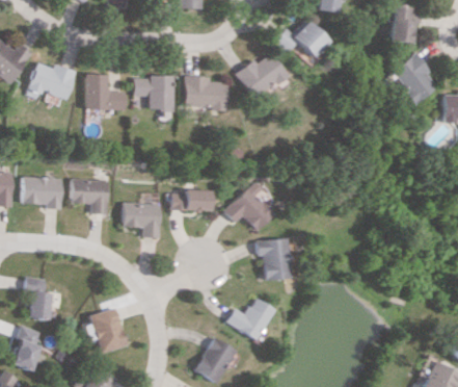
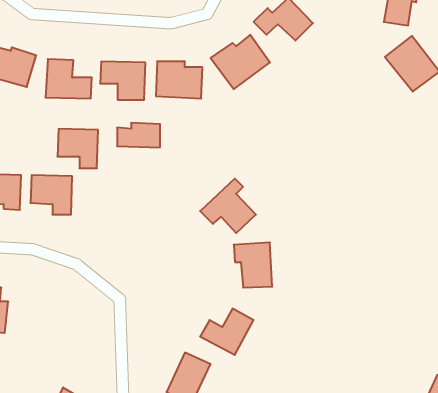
building: [172,188,211,210] -> [117,123,160,147]
building: [125,202,161,237] -> [57,129,98,168]
building: [90,307,128,353] -> none

